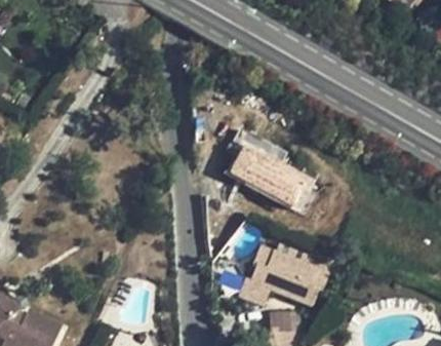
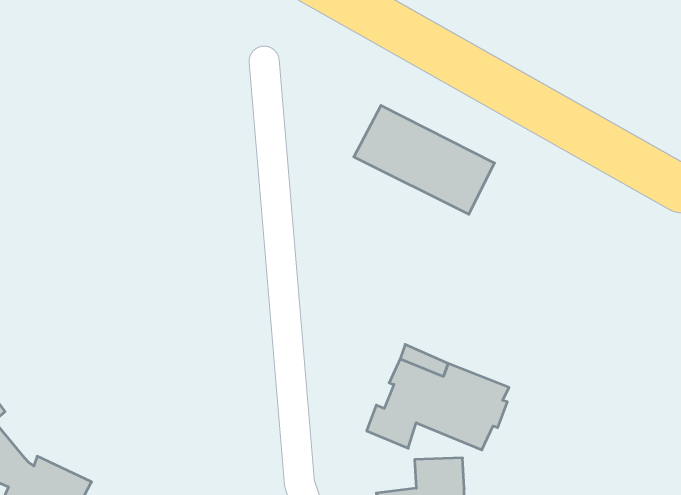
building: [226,141,316,210] -> [354,105,495,214]

